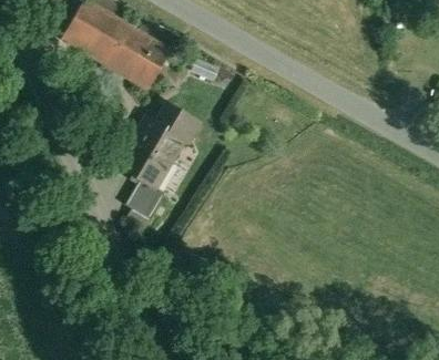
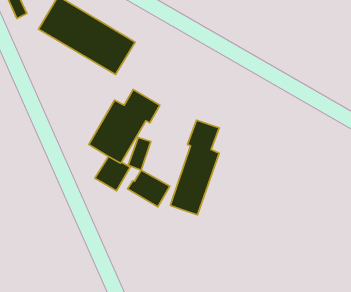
building: none -> [170,120,219,215]
building: none -> [128,170,170,207]

